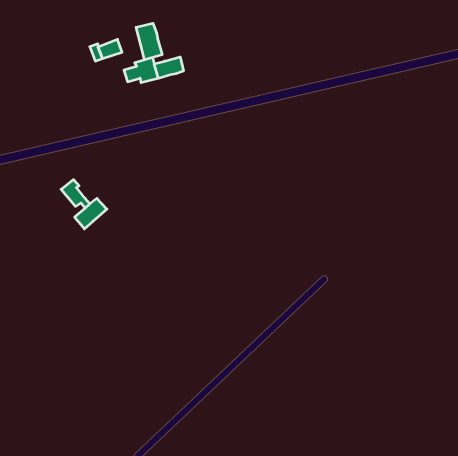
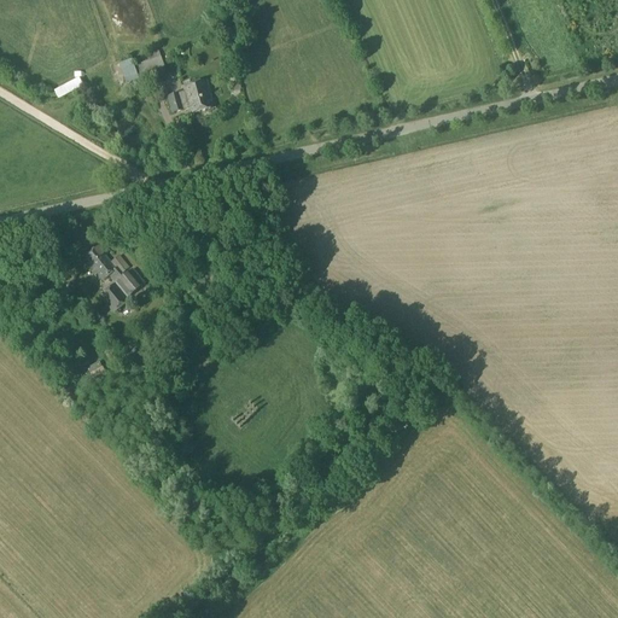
building: [136,23,162,60] -> none
building: [154,57,183,78] -> none

